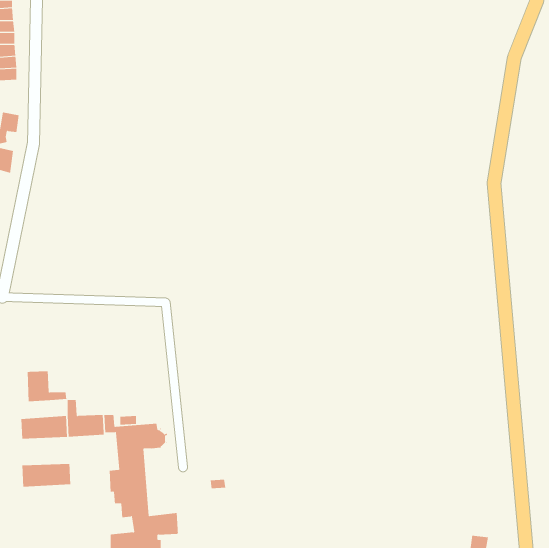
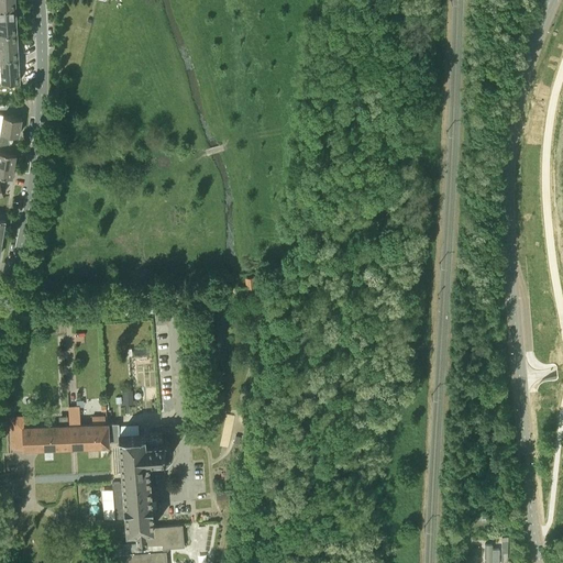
building: [27,370,67,402] -> none
building: [22,463,71,487] -> none

